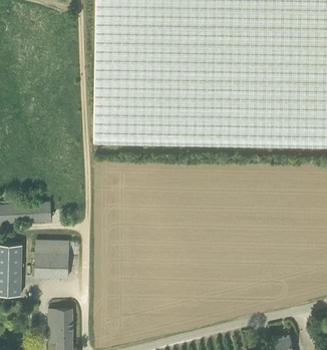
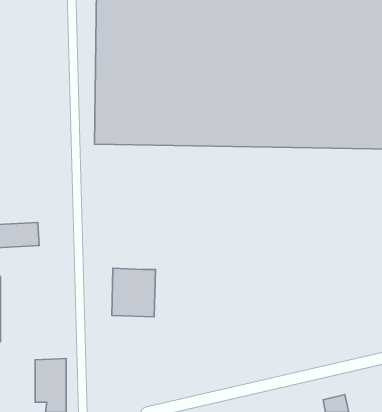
building: [35,239,69,277] -> [112,268,155,317]

